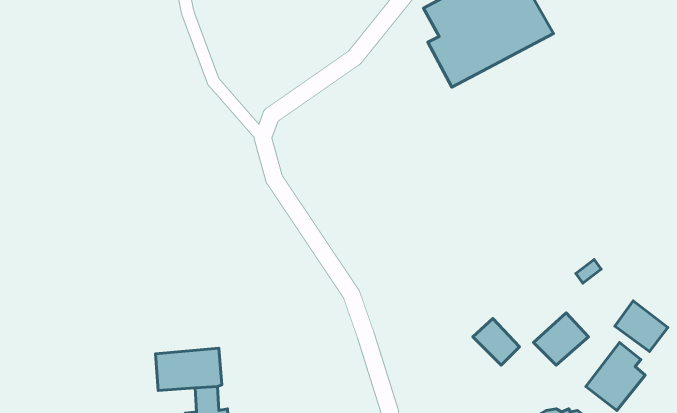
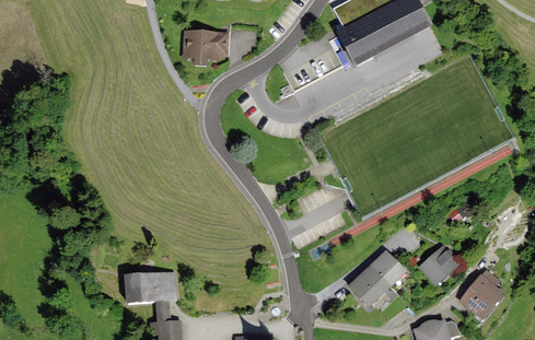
building: none -> [183,31,228,65]
building: [615,301,668,352] -> none
building: none -> [346,262,399,310]

